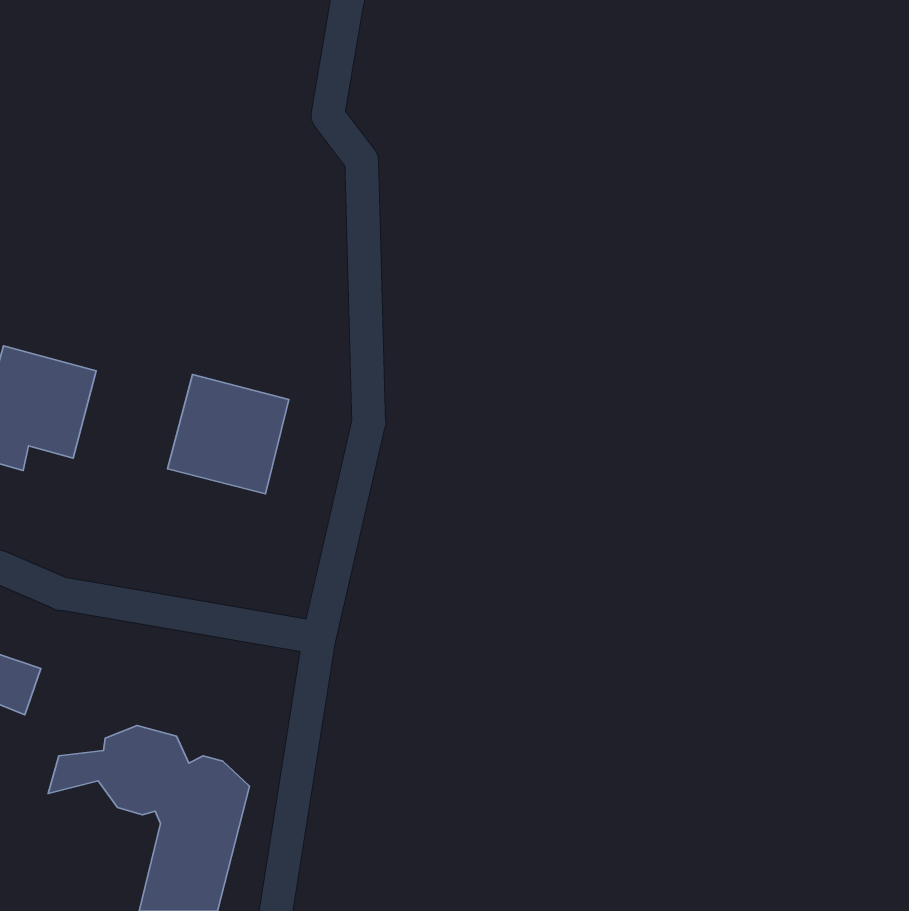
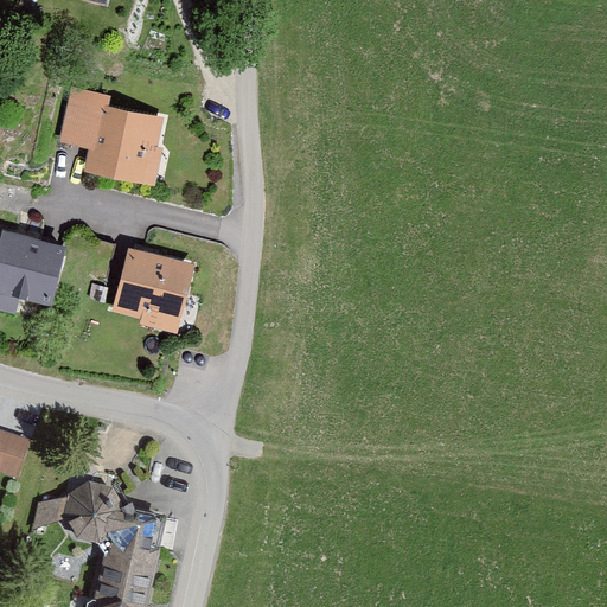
building: none -> [59,89,161,184]

